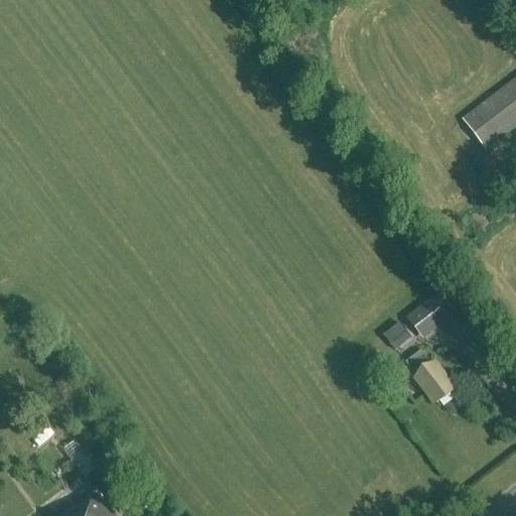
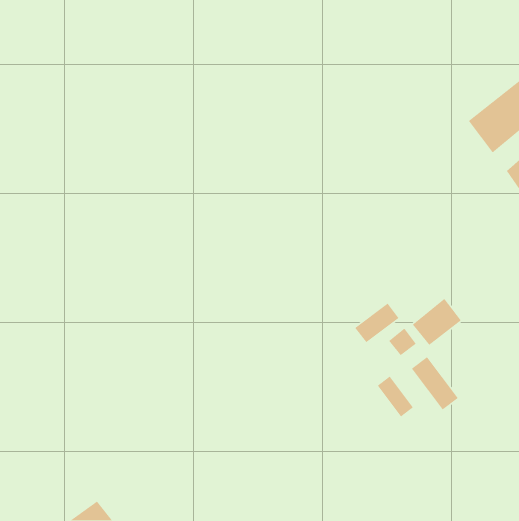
building: none -> [354,302,400,343]
building: none -> [377,376,414,418]

